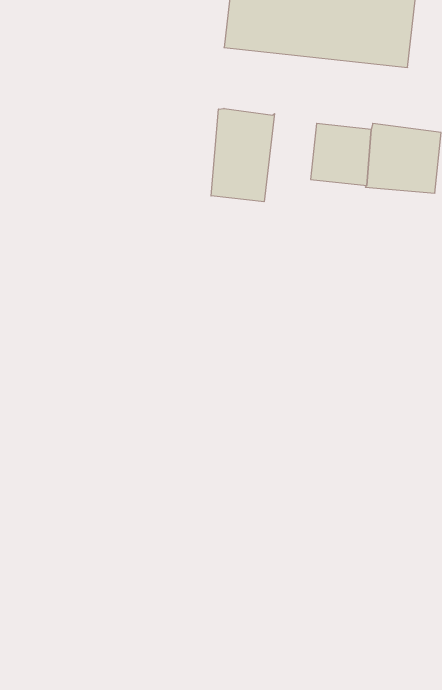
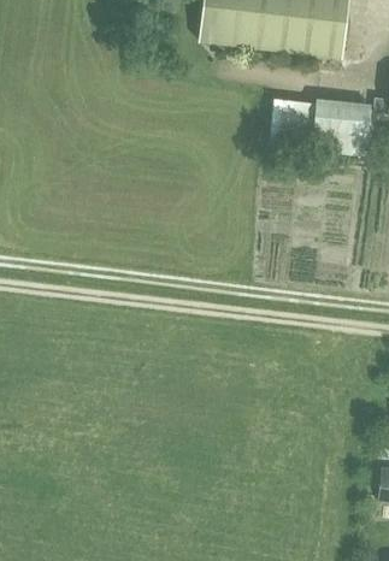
building: [211,108,274,202] -> none

